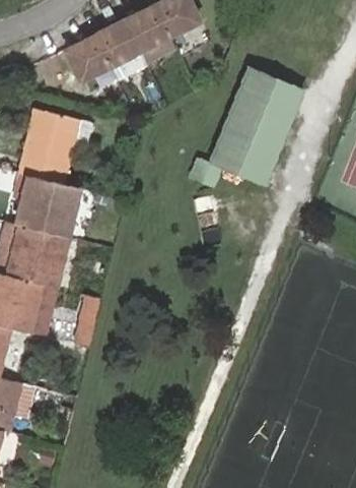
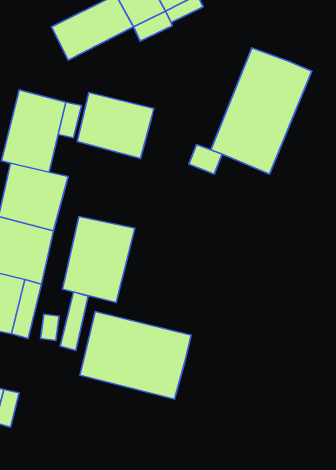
building: none -> [77,92,154,158]
building: none -> [62,217,135,303]
building: none -> [80,312,191,399]

